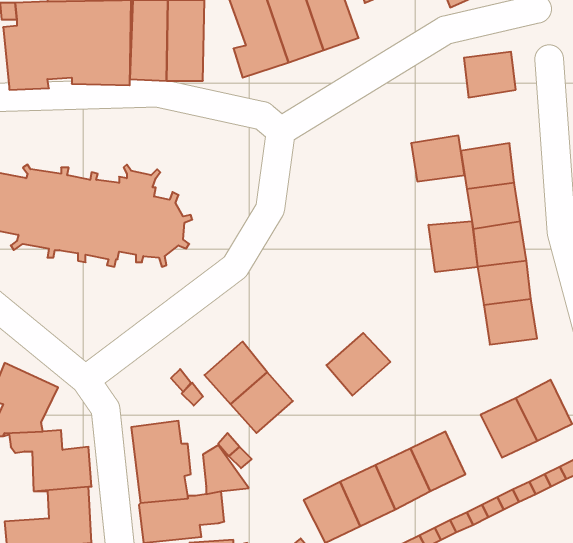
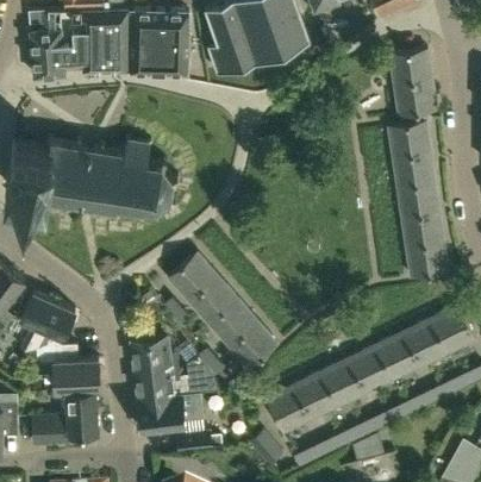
building: [411,136,465,181] -> [394,80,436,115]
building: [429,221,478,272] -> none
building: none -> [168,253,218,302]
building: [326,333,390,396] -> [229,323,279,371]
building: none -> [376,333,420,380]

